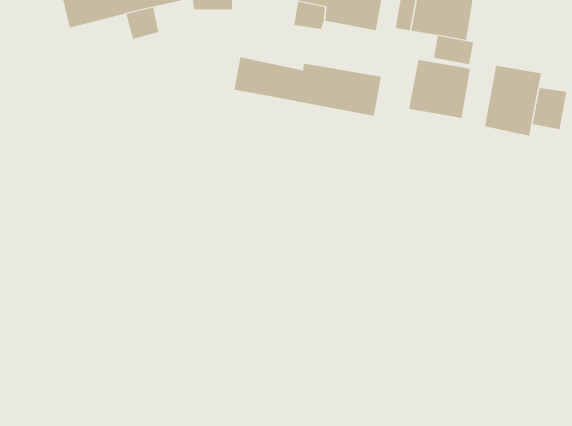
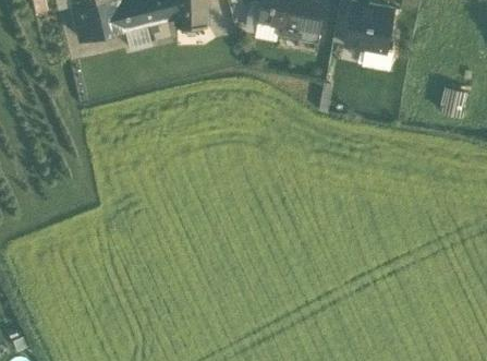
building: [234,57,381,116] -> none
building: [408,59,471,119] -> none
building: [484,65,541,137] -> none

